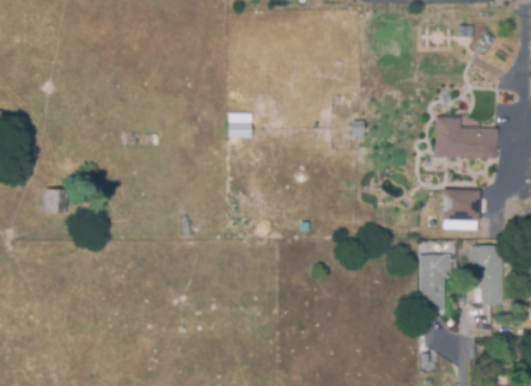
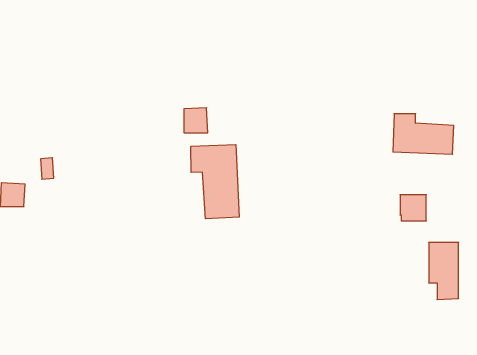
building: none -> [191,145,239,219]
building: [420,255,451,310] -> none

